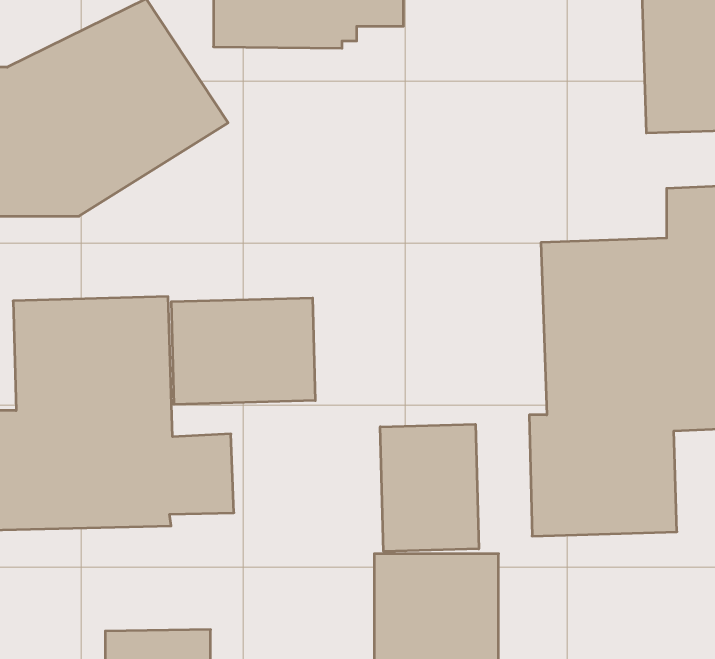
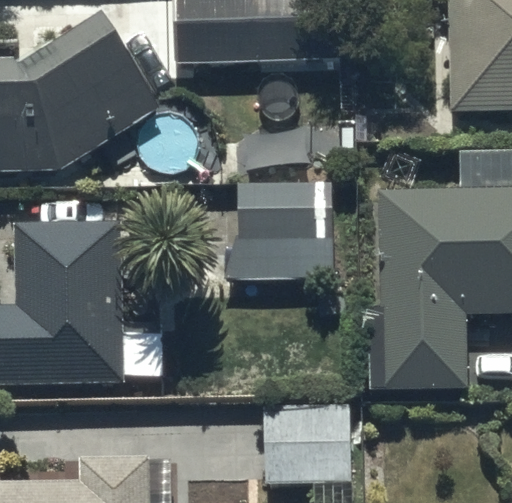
building: none -> [239,180,355,280]
building: [171,298,315,404] -> none
building: [380,424,479,551] -> none

